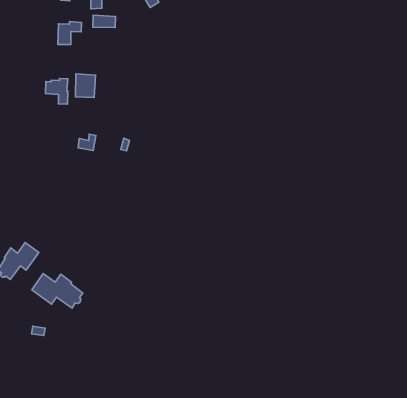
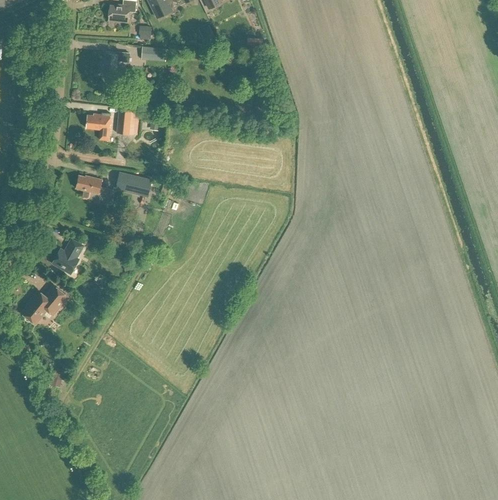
building: none -> [75,176,111,199]
building: none -> [52,239,83,274]
building: [32,273,83,308] -> none

